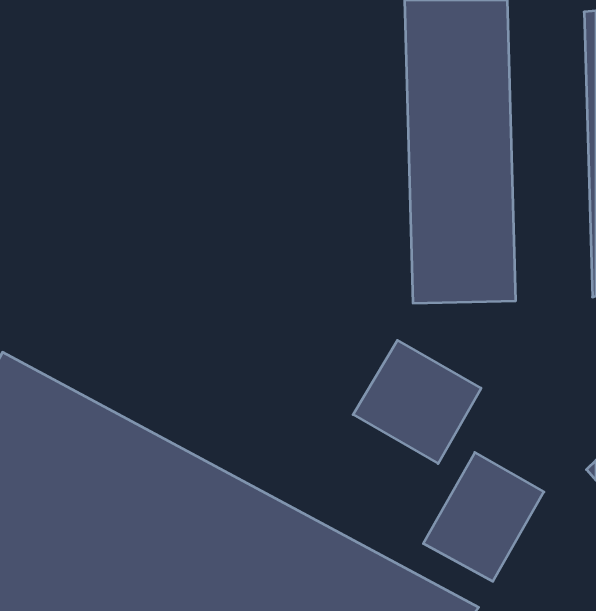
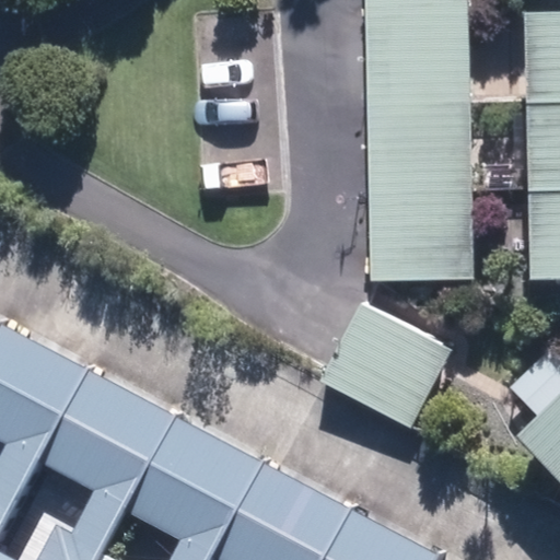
building: [423,452,544,581] -> none

